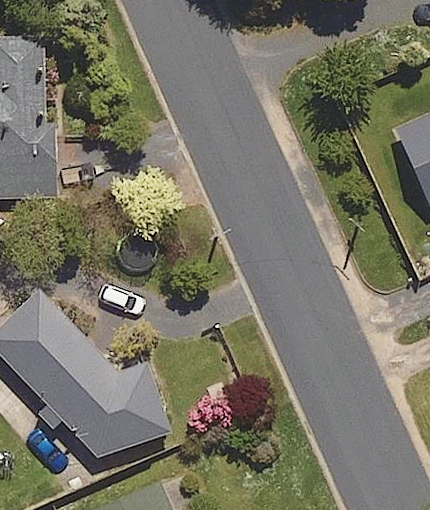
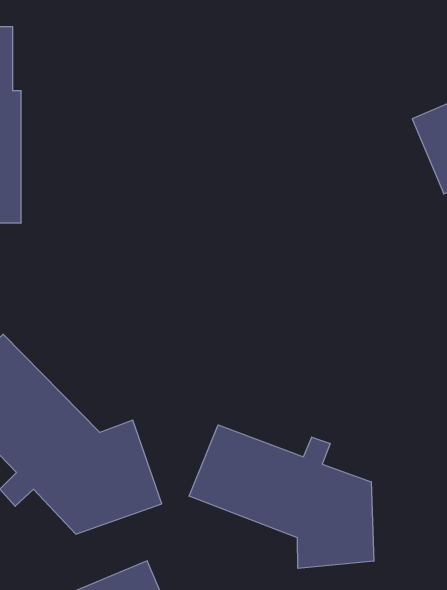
building: none -> [189,425,374,568]

